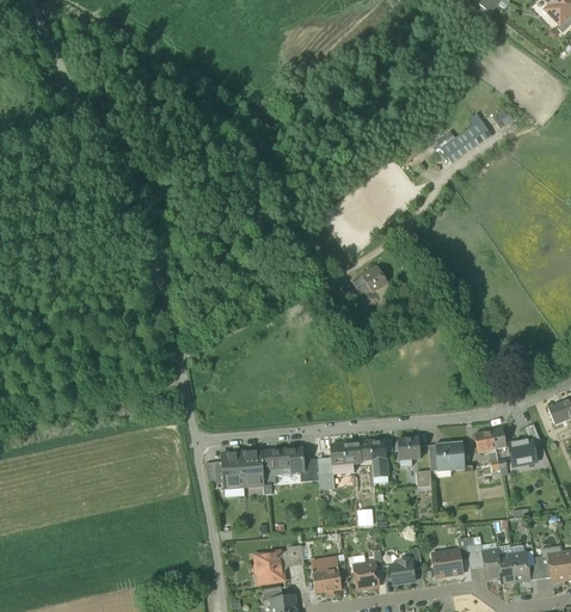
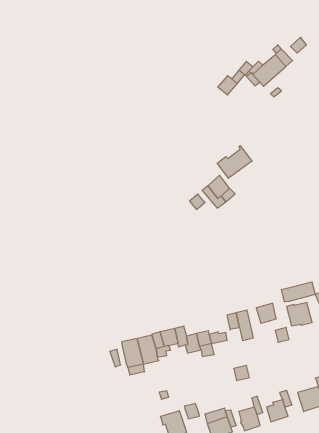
building: none -> [217,146,252,178]
building: none -> [281,282,315,302]
building: [331,441,361,463] -> none

